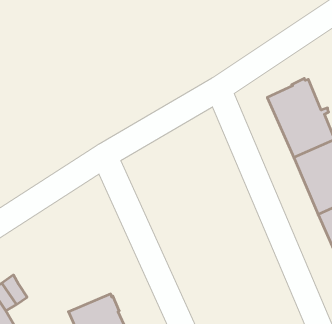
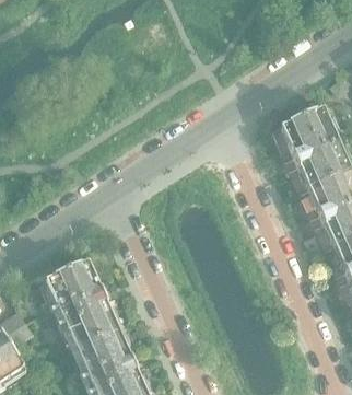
building: none -> [44,259,118,348]

